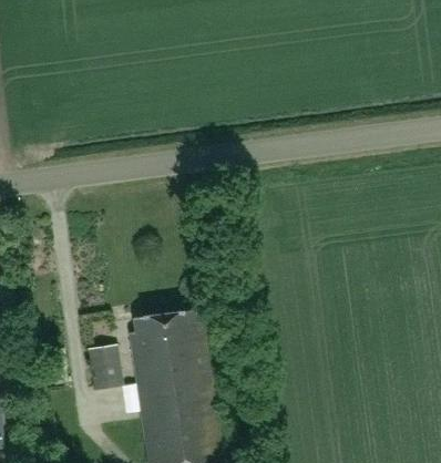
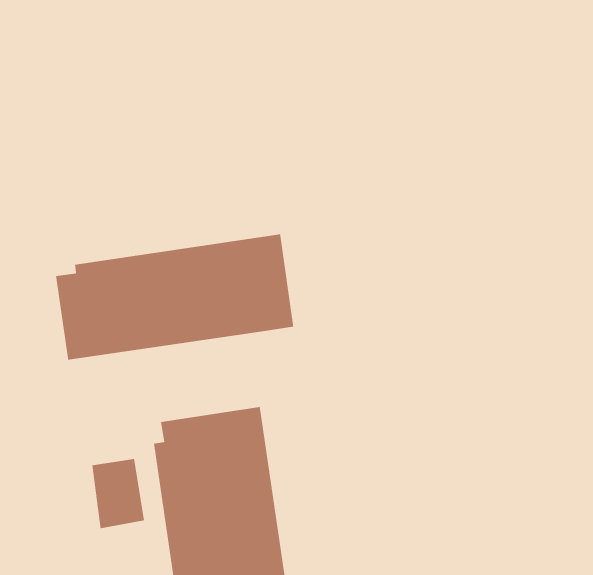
building: none -> [55,233,294,361]

